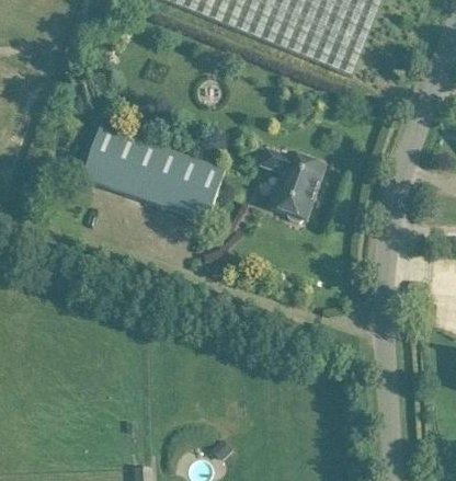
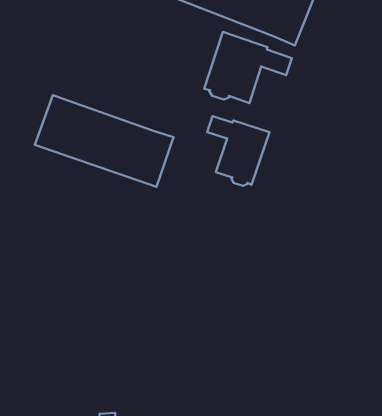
building: none -> [204,32,292,103]

